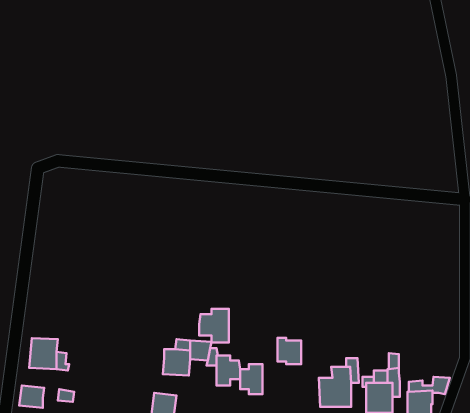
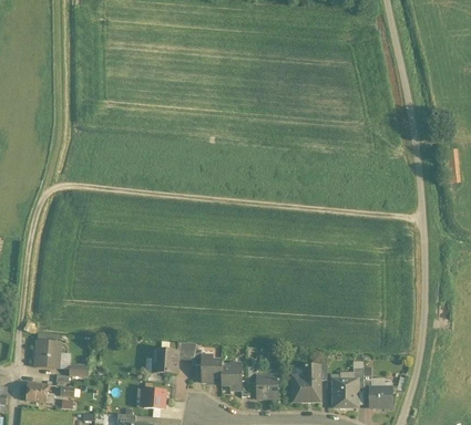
building: [199,309,229,343] -> none
building: [277,338,301,364] -> [255,375,276,398]

